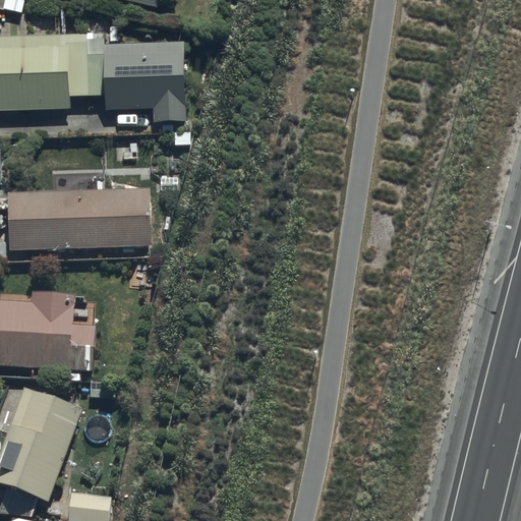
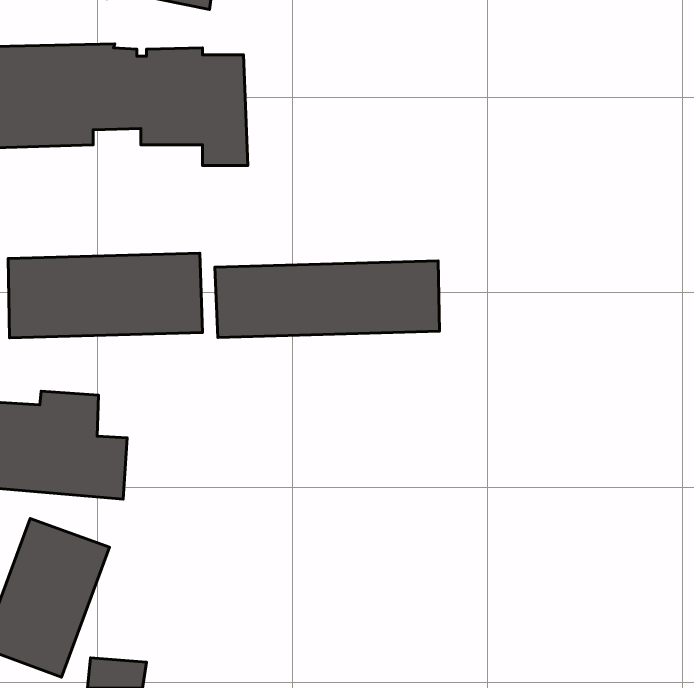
building: none -> [215,261,440,337]

